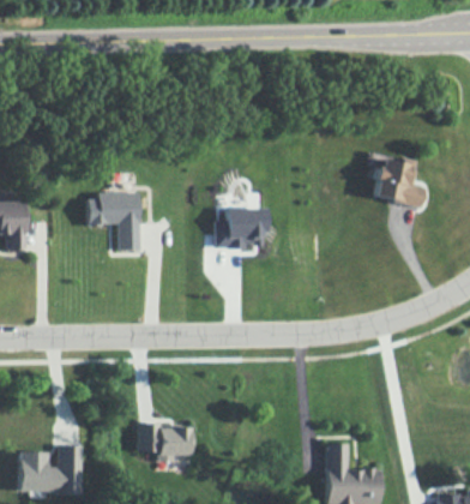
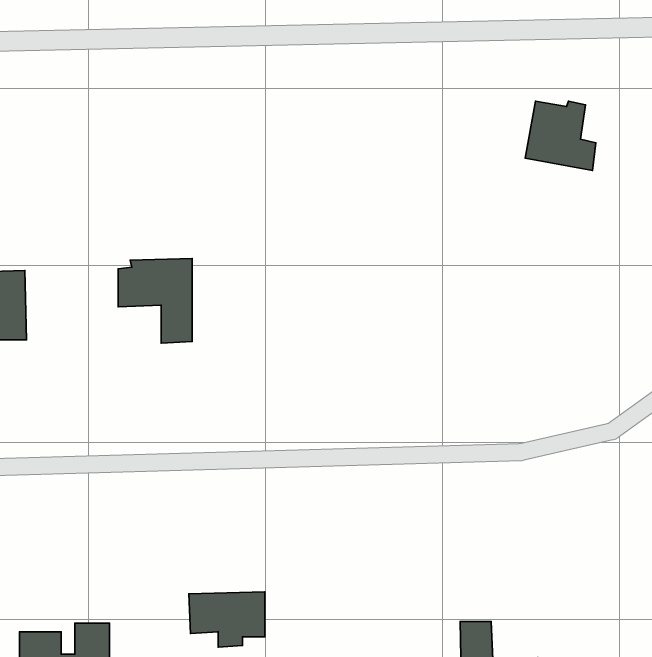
building: [374,158,423,206] -> [525,101,596,170]
building: [213,208,264,248] -> none

